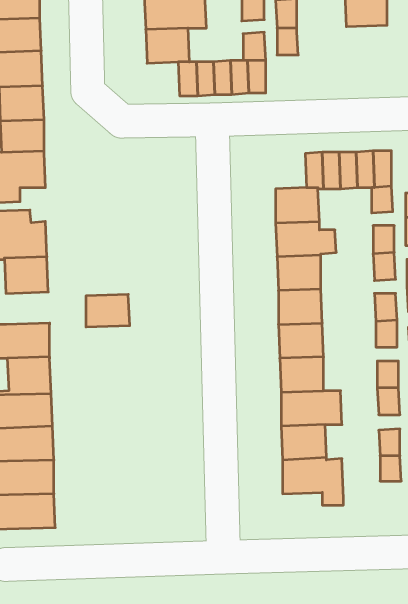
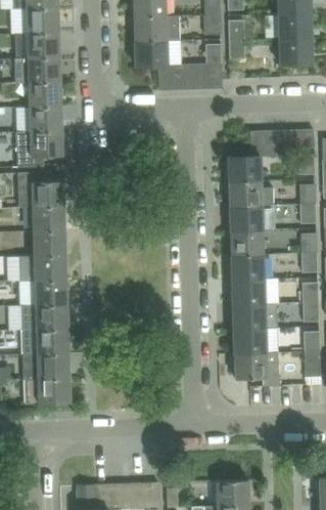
building: none -> [280,38,311,63]
building: [86,294,130,327] -> [34,231,65,255]

